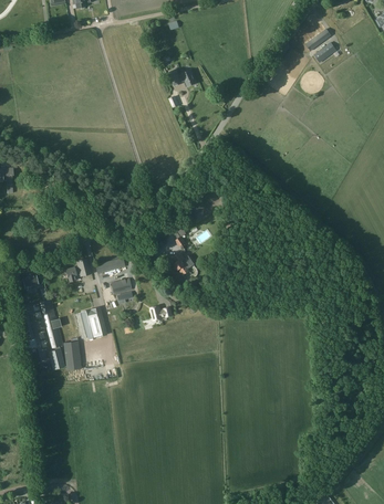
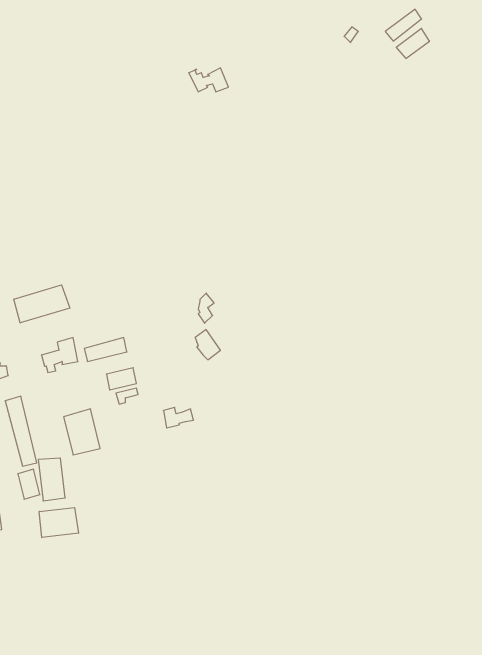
building: none -> [14,285,70,323]
building: none -> [39,508,78,538]

